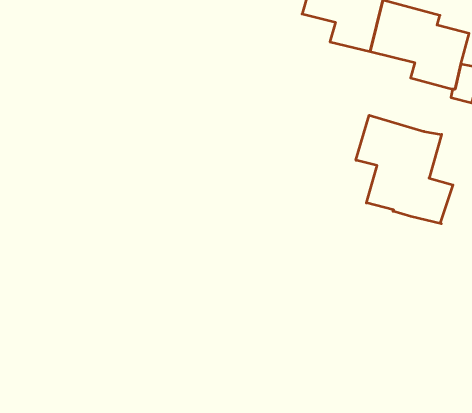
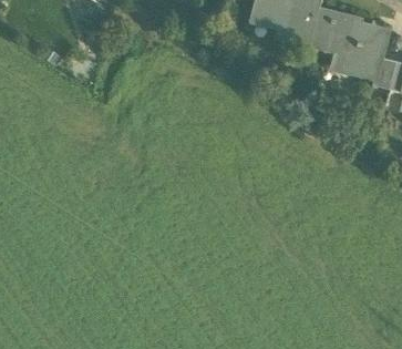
building: [356,115,453,224] -> none

